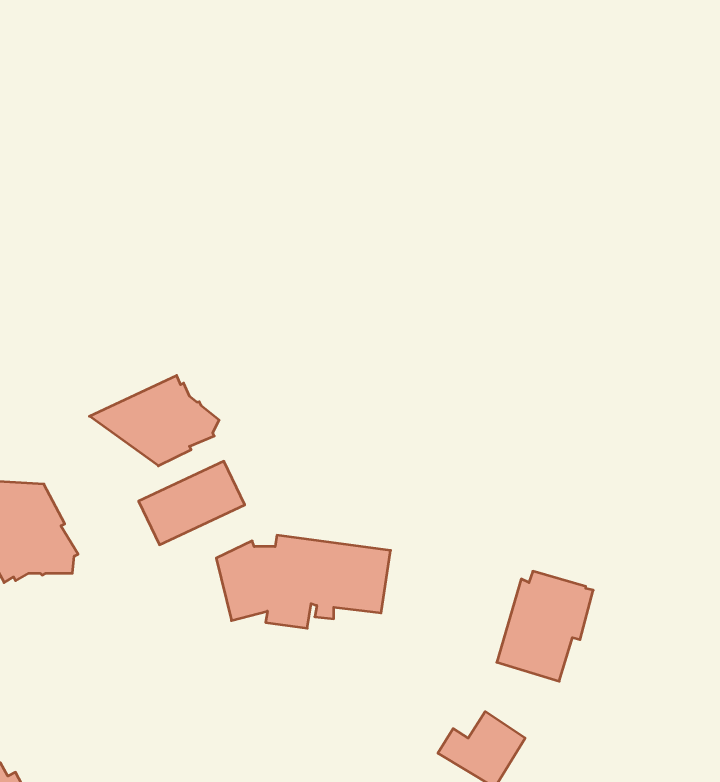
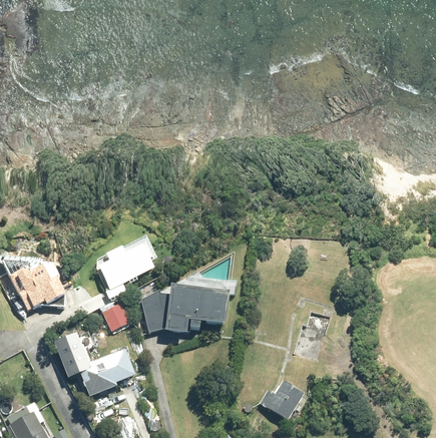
building: [89,375,219,466] -> none
building: none -> [100,301,129,329]
building: none -> [54,334,136,399]

